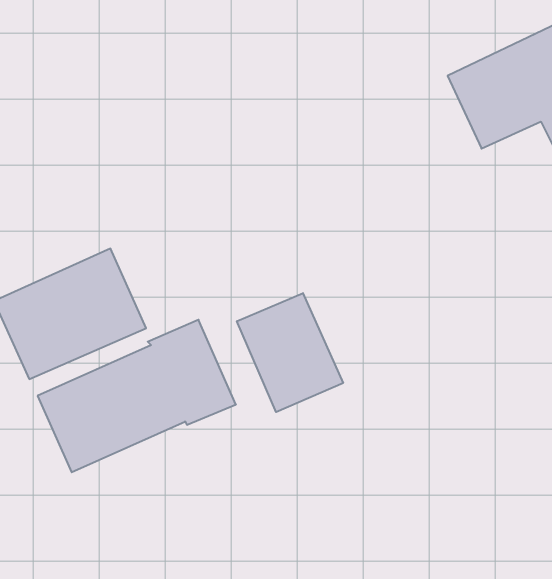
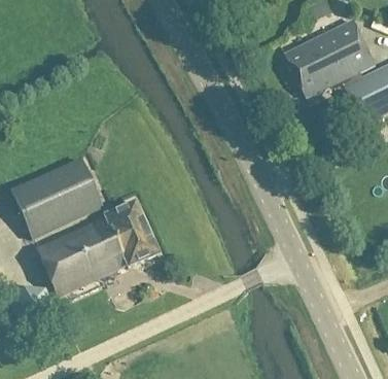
building: [237,293,343,412] -> none

